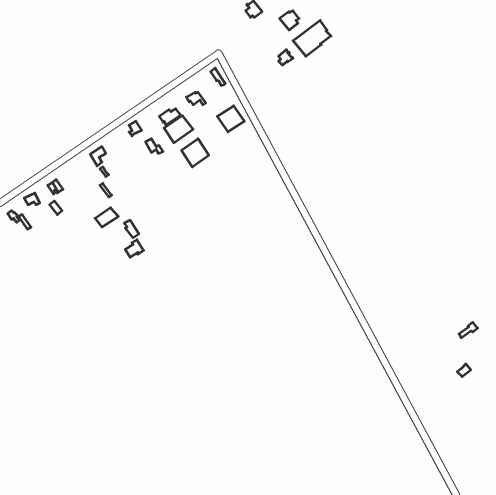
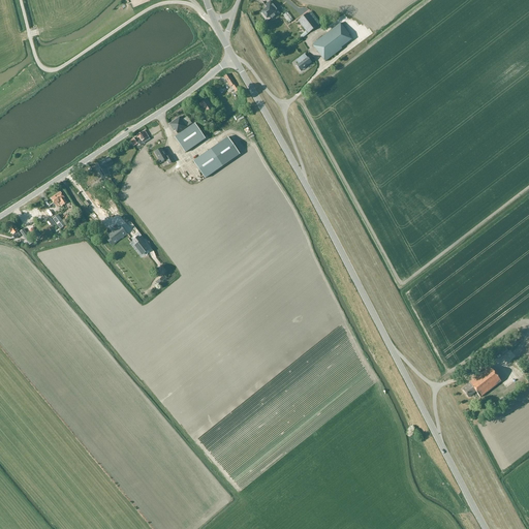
building: [217,106,244,132] -> [211,136,240,164]
building: none -> [462,366,501,397]

